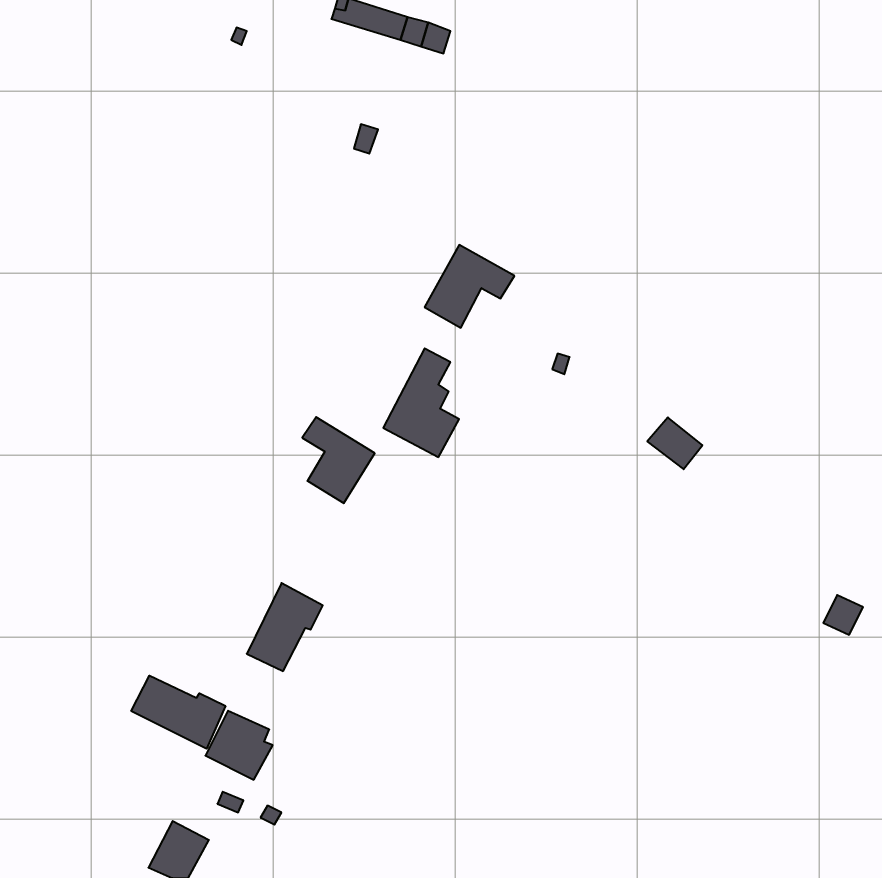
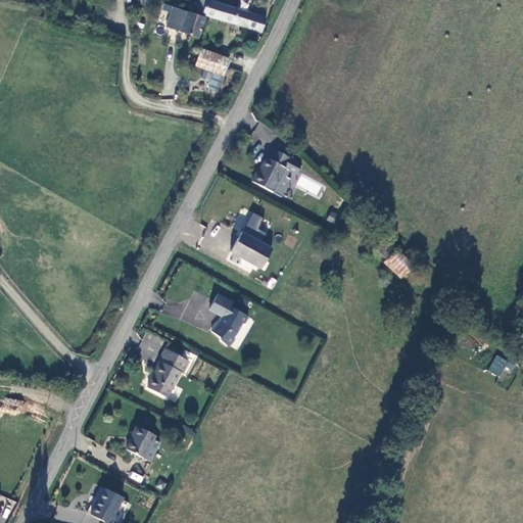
building: none -> [169,8,203,39]
building: none -> [195,49,230,75]
building: [302,417,375,503] -> [208,295,251,346]
building: [131,676,225,749] -> none

